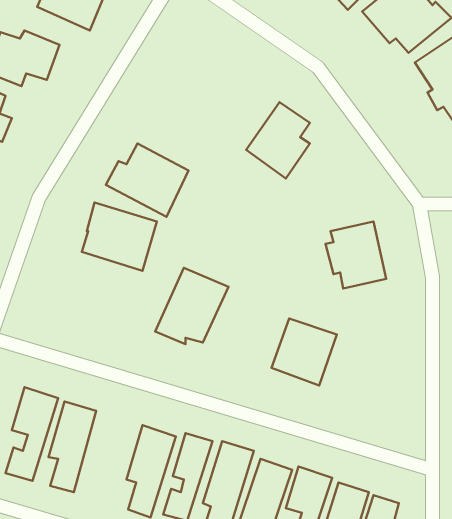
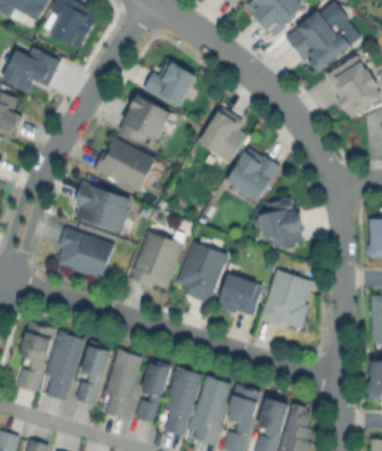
building: none -> [141,57,199,105]
building: none -> [116,91,173,145]
building: none -> [226,149,285,202]
building: none -> [56,226,115,281]
building: none -> [175,237,230,301]
building: none -> [260,271,312,334]
building: none -> [74,345,110,405]

